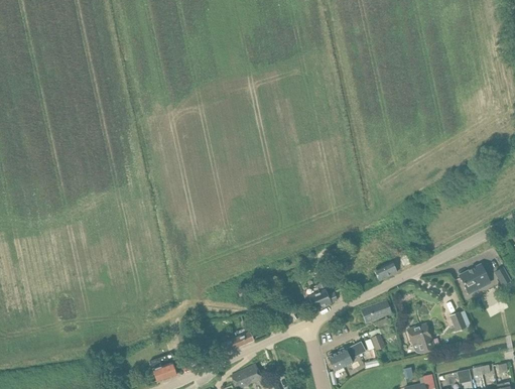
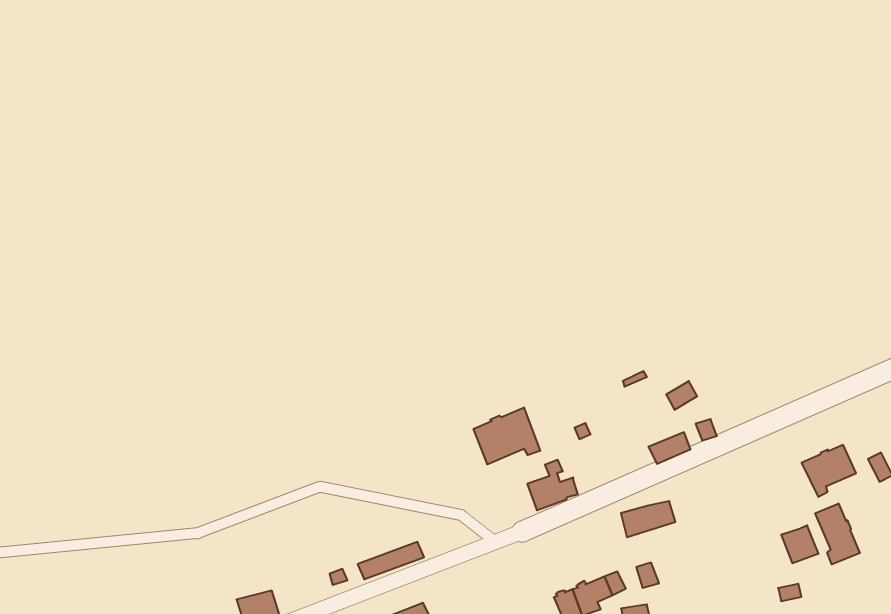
building: none -> [474,407,540,464]
building: none -> [815,503,860,564]
building: [408,325,434,353] -> none

